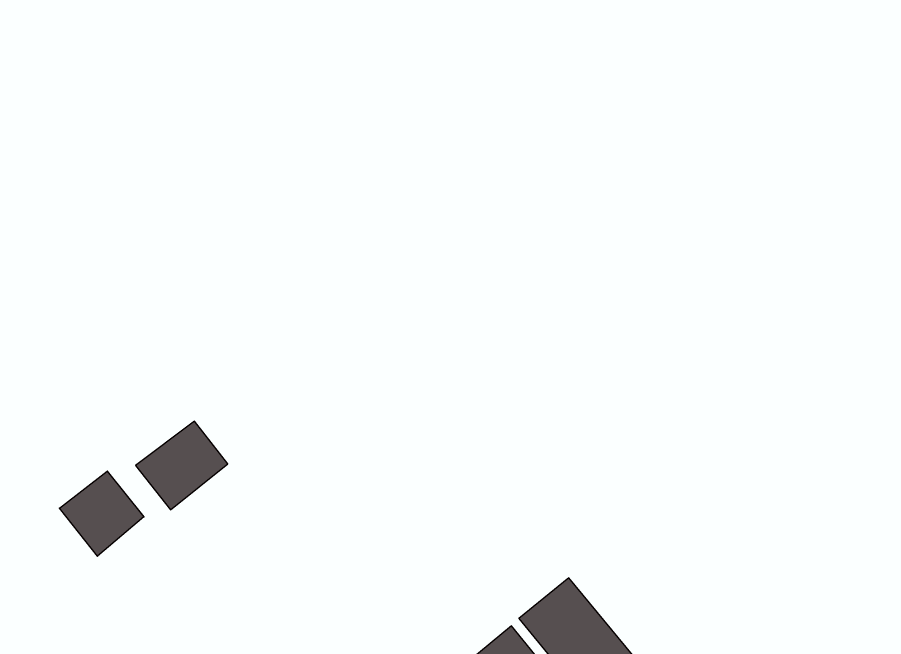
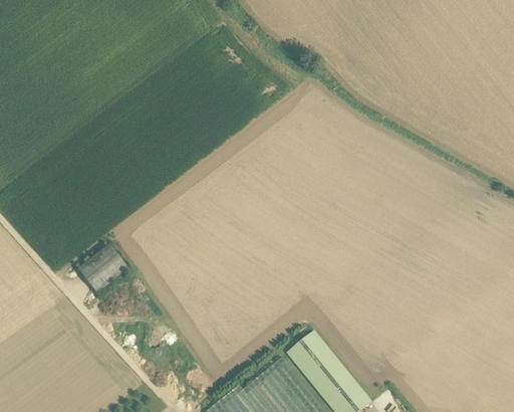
building: [59,471,144,556] -> none

